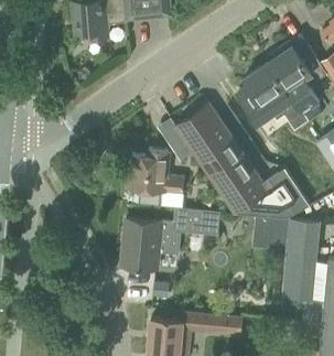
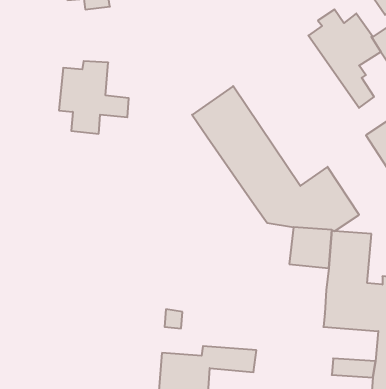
building: [237,62,310,130] -> none
building: [129,149,185,207] -> [59,61,129,134]
building: [121,209,220,269] -> none

